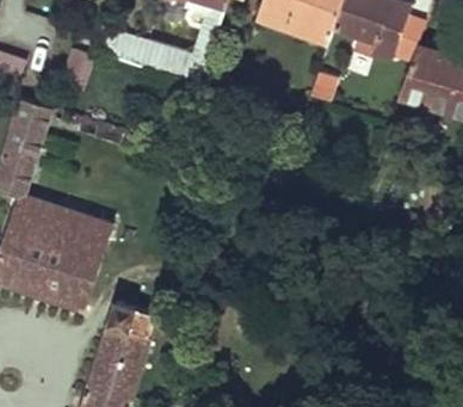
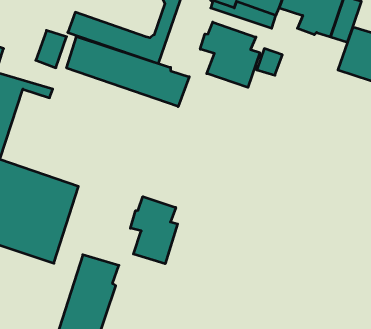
building: none -> [200,22,260,87]
building: none -> [67,36,189,107]
building: none -> [130,197,178,264]

